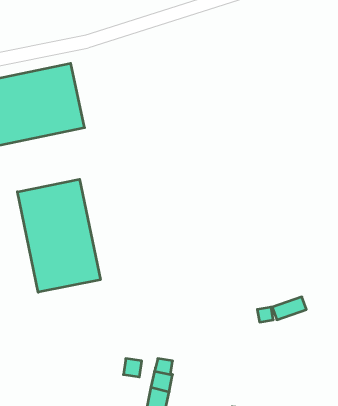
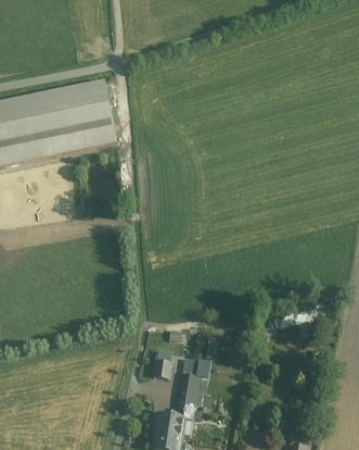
building: [17,179,100,292] -> none

